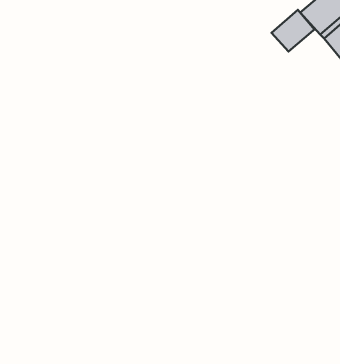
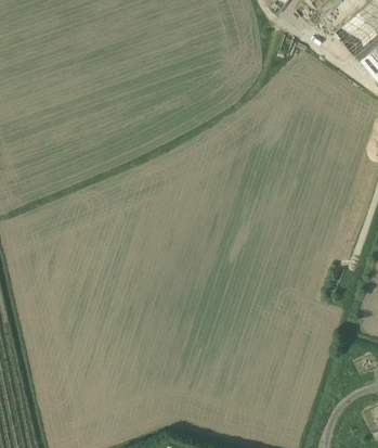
building: [272,10,314,51] -> none

